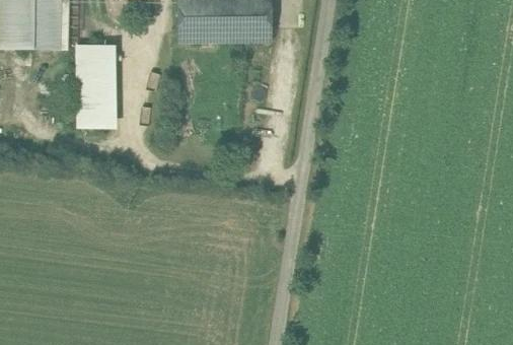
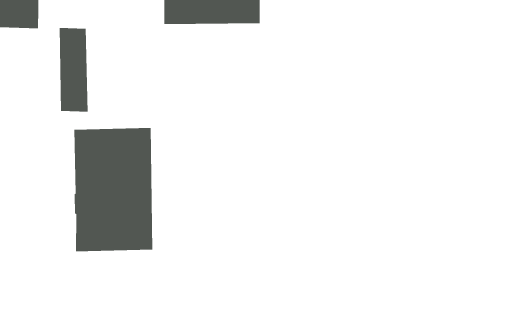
building: none -> [73,127,153,252]

